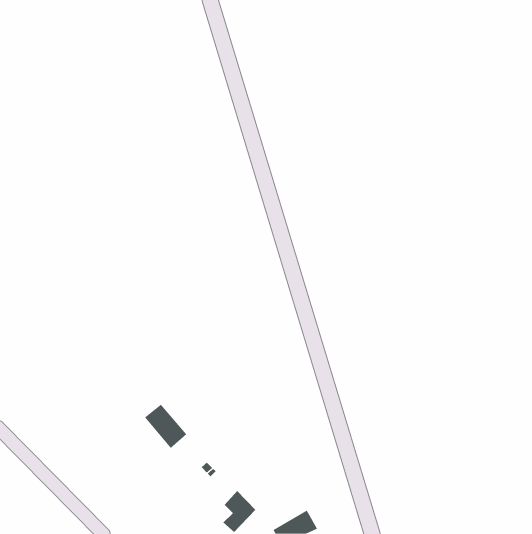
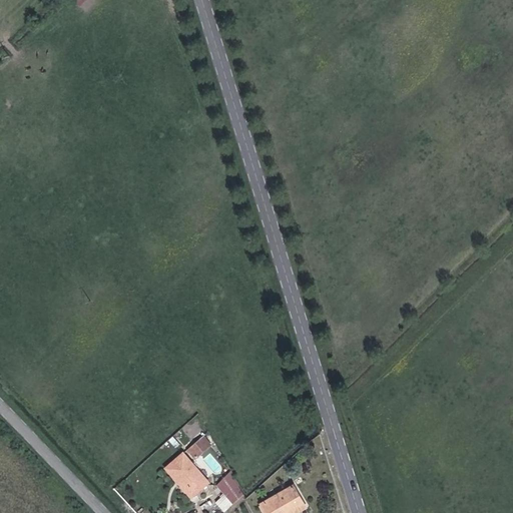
building: [144,404,187,449] -> [166,454,207,497]

